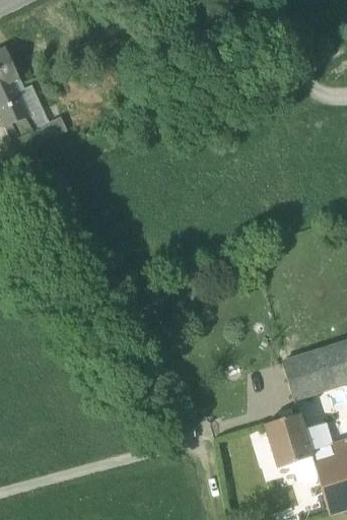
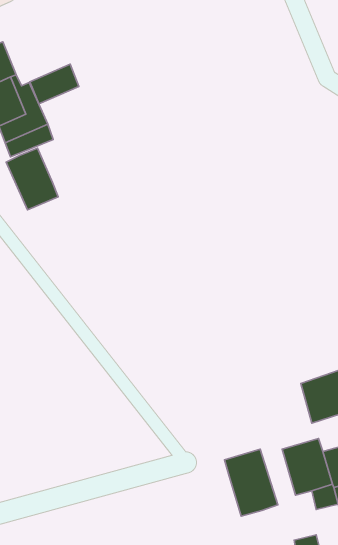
building: none -> [30,64,79,104]
building: none -> [6,148,58,210]
building: none -> [225,449,278,516]

